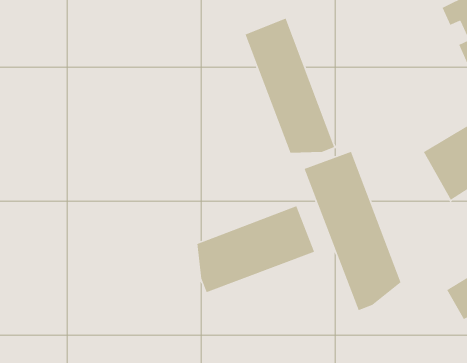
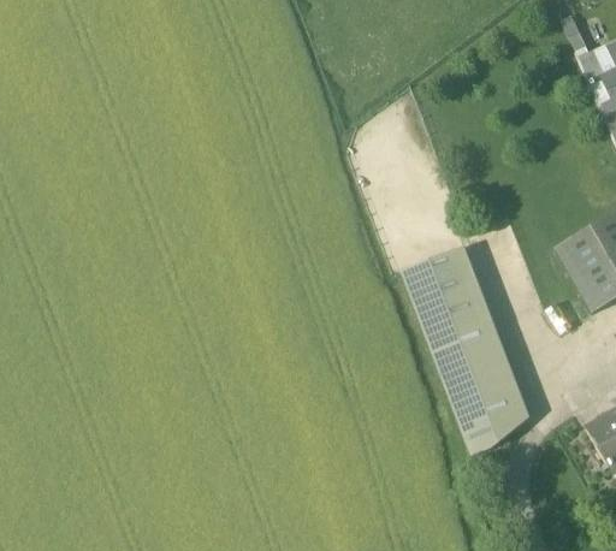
building: [245,18,335,154] -> none
building: [196,205,315,293] -> none

